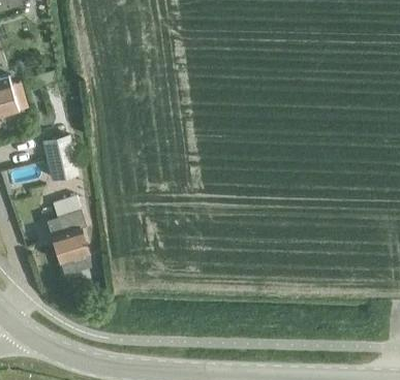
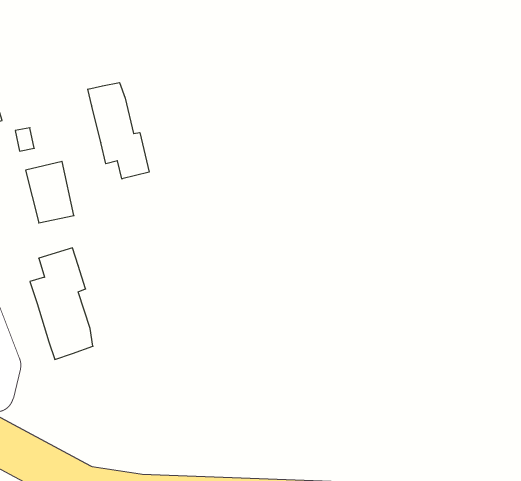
building: none -> [88,83,149,179]

